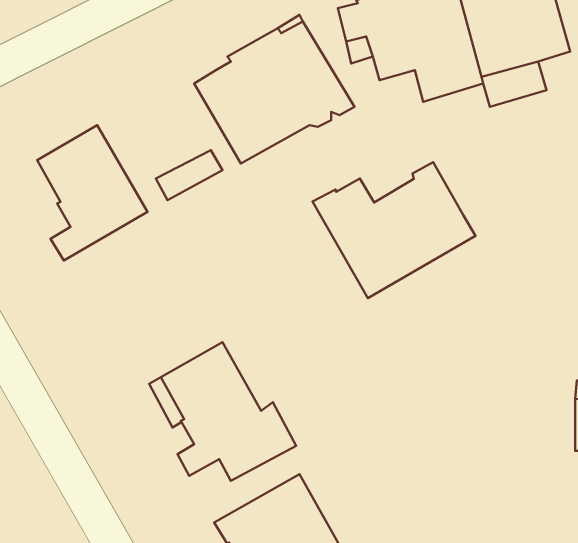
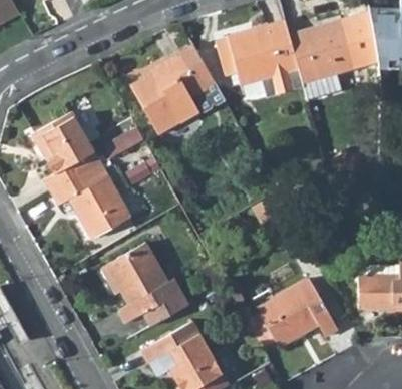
building: [312,162,475,298] -> none
building: none -> [52,163,132,237]
building: none -> [247,278,339,348]

